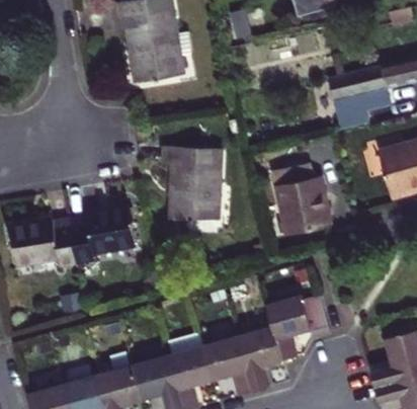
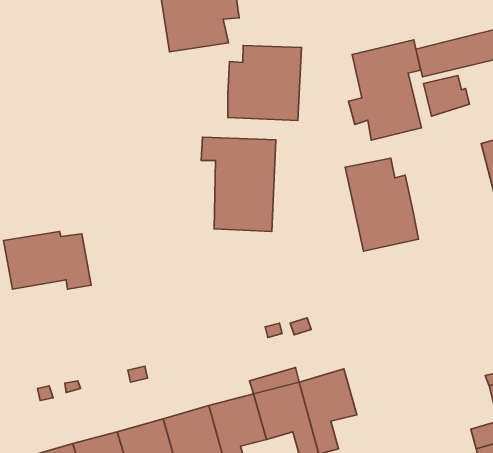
building: none -> [348,40,421,140]
building: none -> [228,45,301,120]
building: [69,209,134,262] -> none
building: [265,296,329,362] -> none

